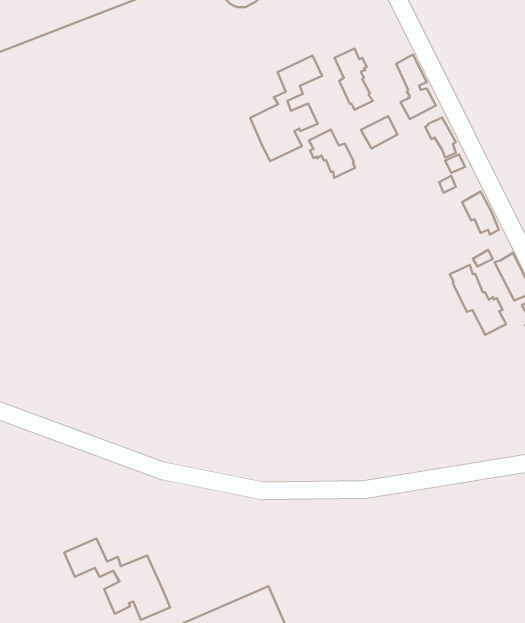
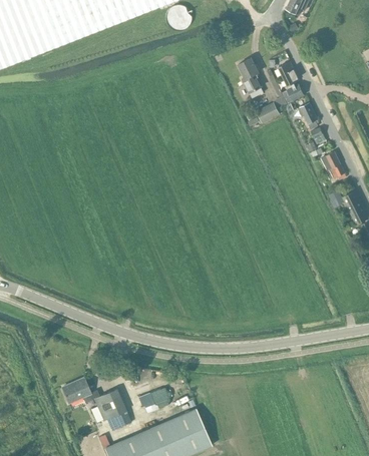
building: [250,55,322,161] -> none
building: [309,130,355,178] -> none
building: [450,265,506,335] -> none
building: none -> [138,388,166,413]

